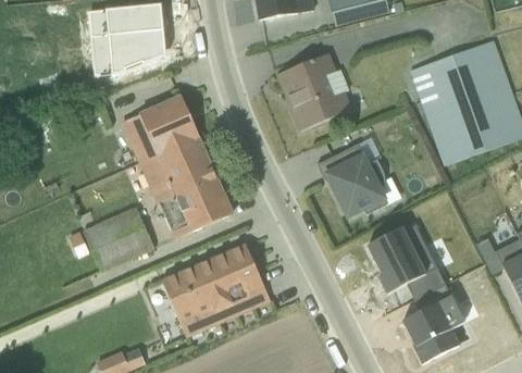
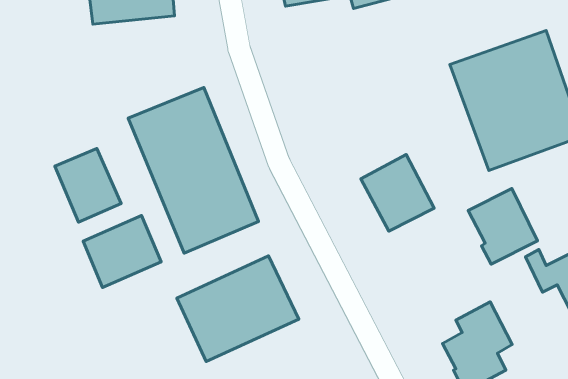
building: [89,27,164,74] -> none
building: [276,54,353,133] -> none
building: none -> [55,149,121,222]
building: [365,225,427,293] -> [468,189,537,264]

